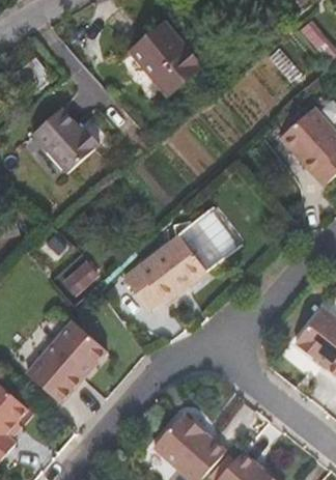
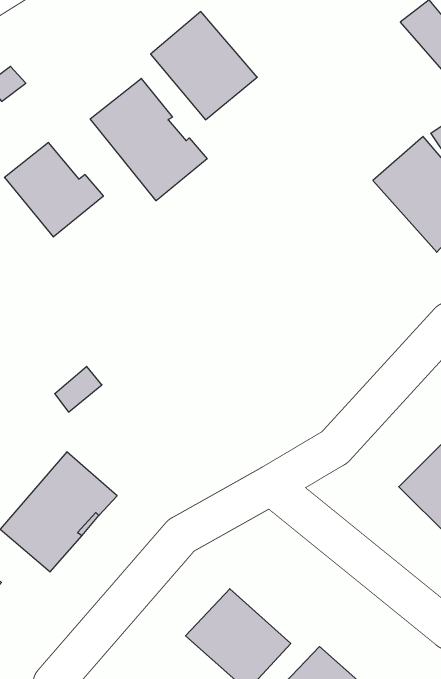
building: none -> [90,78,207,201]
building: [123,209,242,311] -> none

